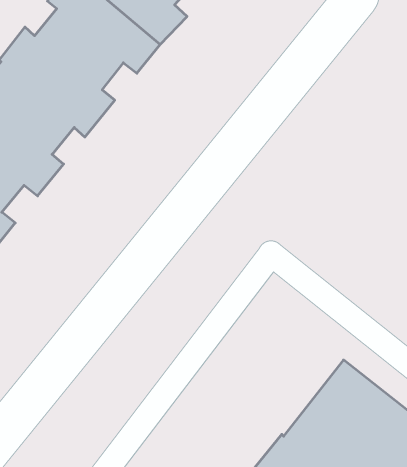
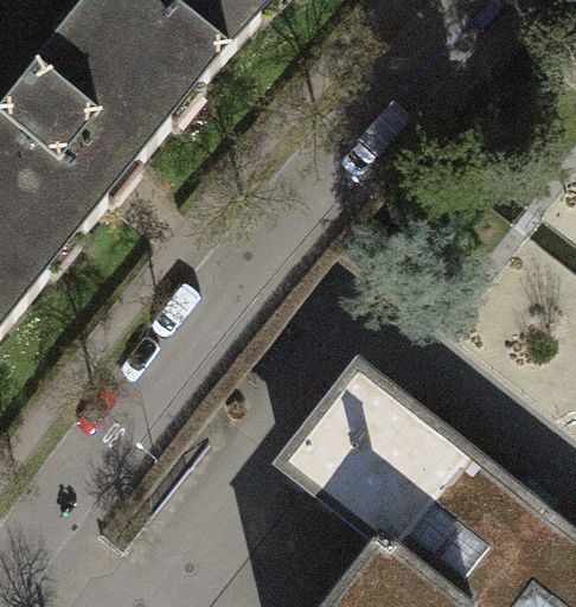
building: none -> [279,368,447,536]

